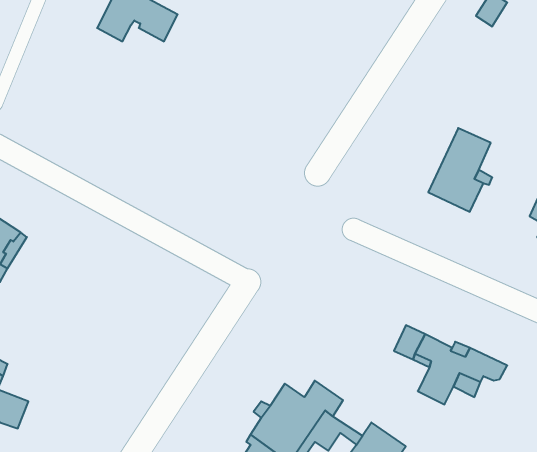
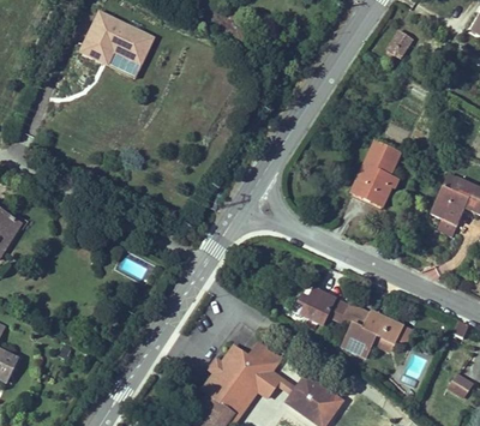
building: none -> [294,288,331,325]

